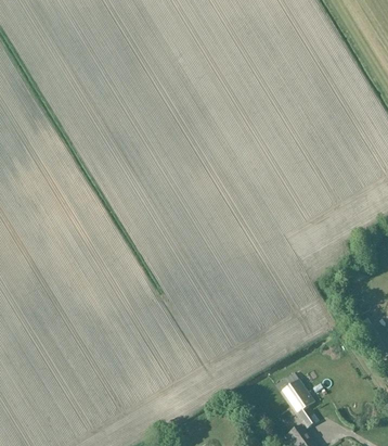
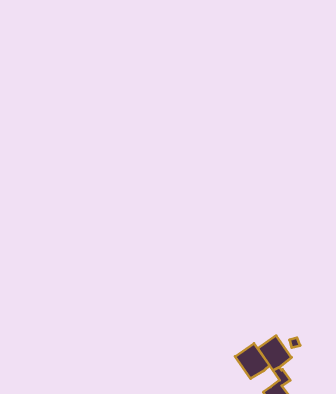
building: none -> [235,343,269,379]

